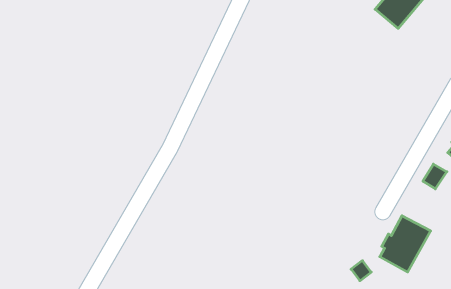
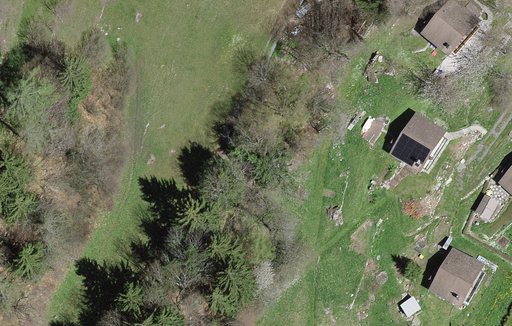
building: none -> [392,113,444,169]

